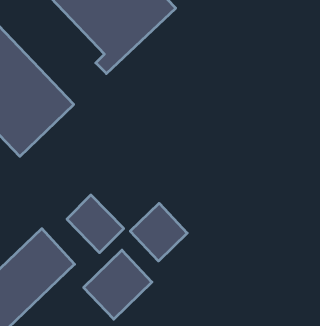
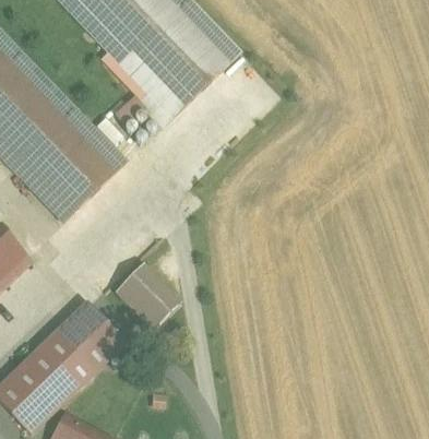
building: [130,203,187,261] -> none
building: [84,250,152,319] -> none

